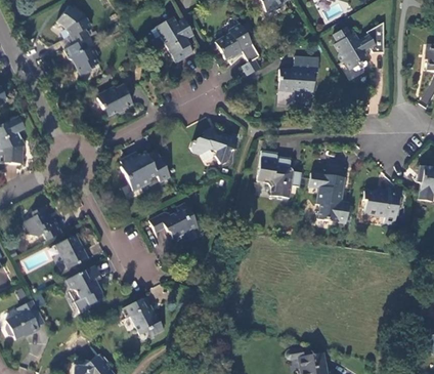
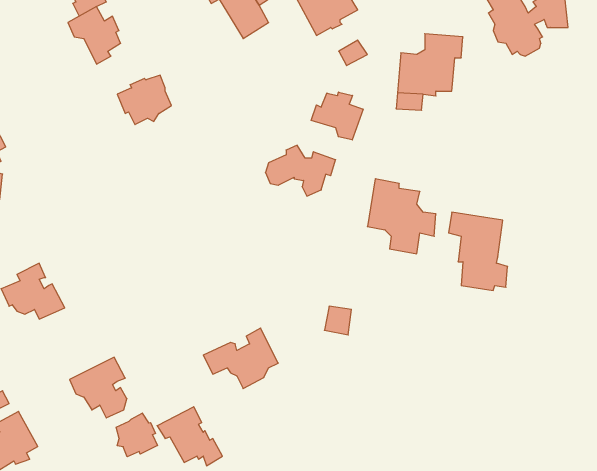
building: none -> [311,92,363,140]
building: [121,151,170,191] -> none
building: [362,190,398,225] -> none
building: [149,202,198,241] -> [203,328,278,389]
building: [56,235,87,268] -> none
building: none -> [116,413,157,457]

